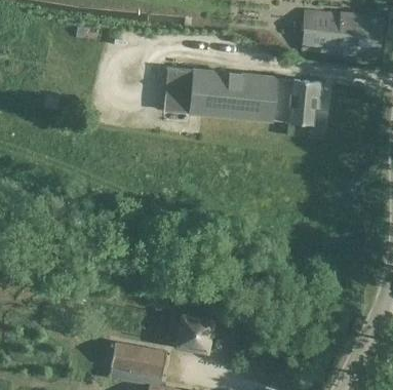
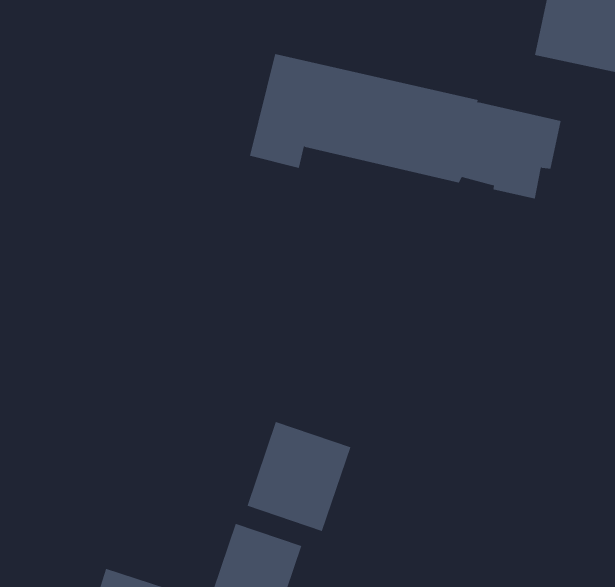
building: none -> [247,421,351,532]

